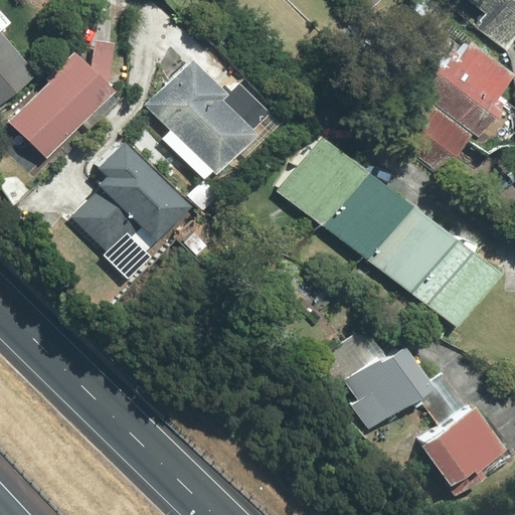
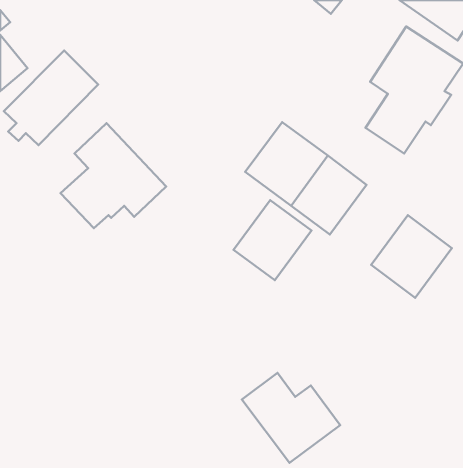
building: [149,60,262,177] -> none
building: [368,204,454,292] -> [233,200,312,280]
building: [324,328,432,426] -> [242,373,340,463]
building: [417,405,504,484] -> none

